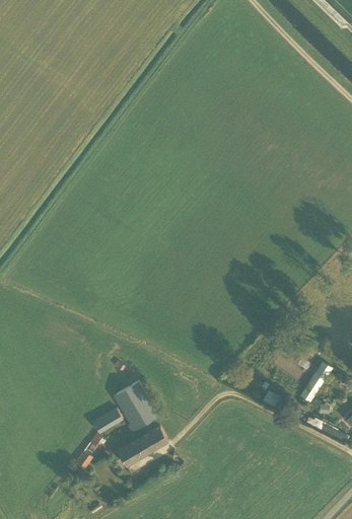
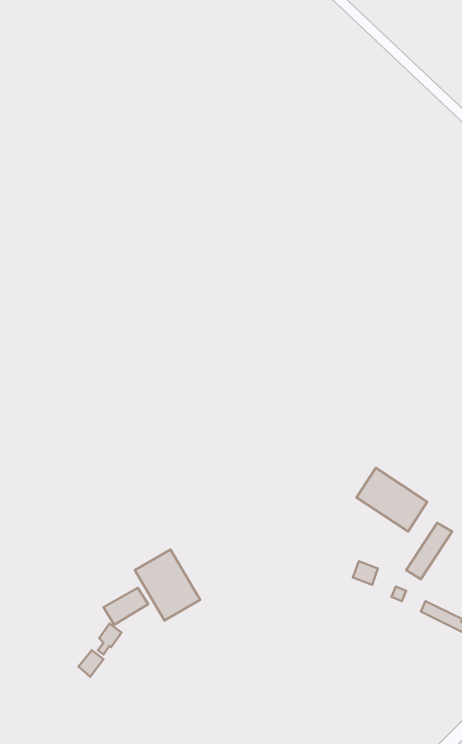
building: none -> [357,468,427,531]
building: [118,428,168,467] -> none

